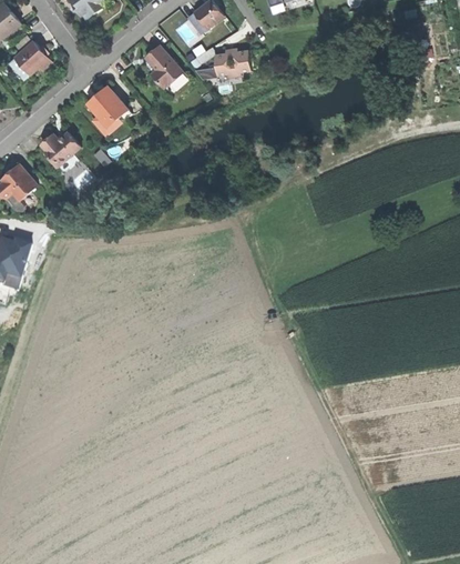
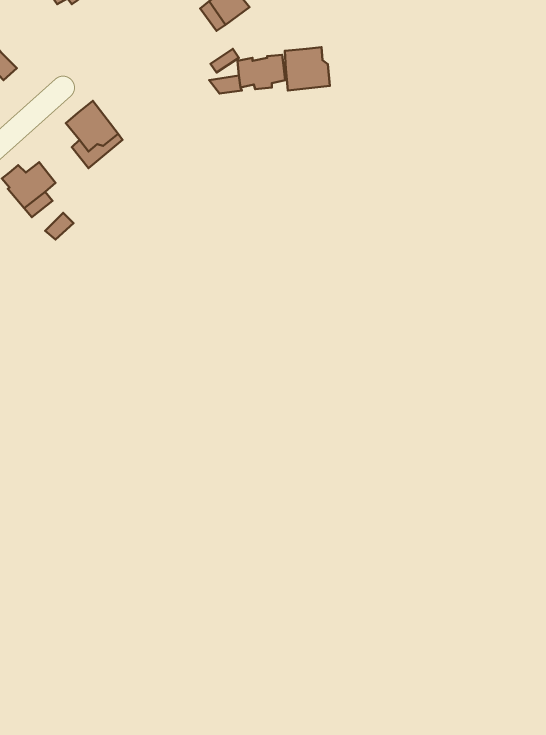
building: [145,44,182,88] -> none
building: none -> [285,47,330,90]

